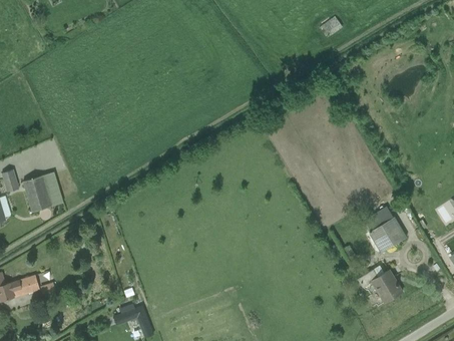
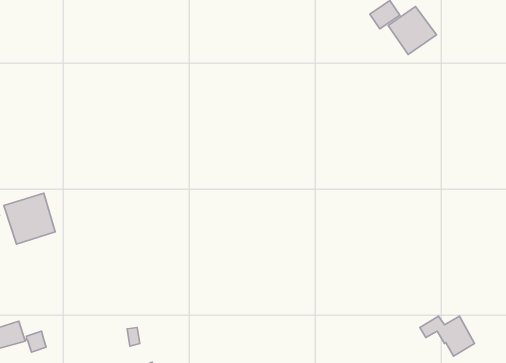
building: none -> [388,7,436,55]
building: [364,206,407,252] -> none

